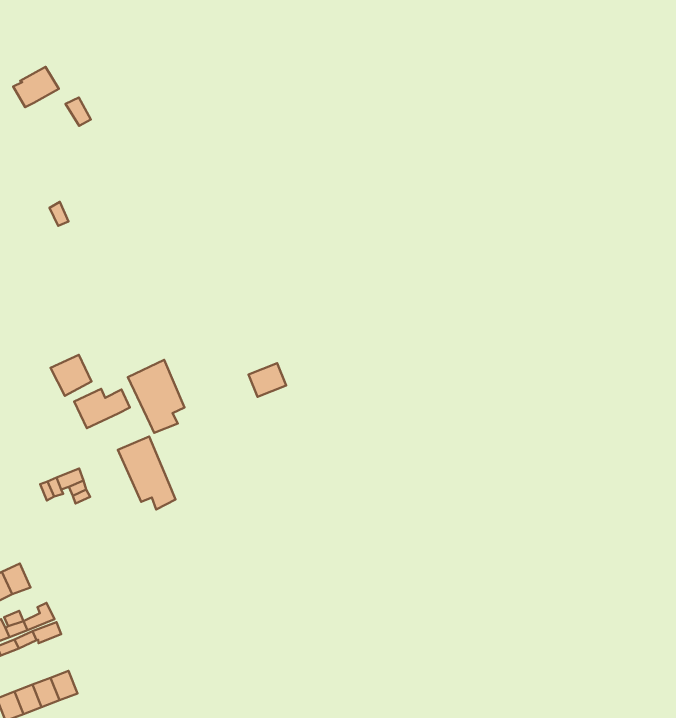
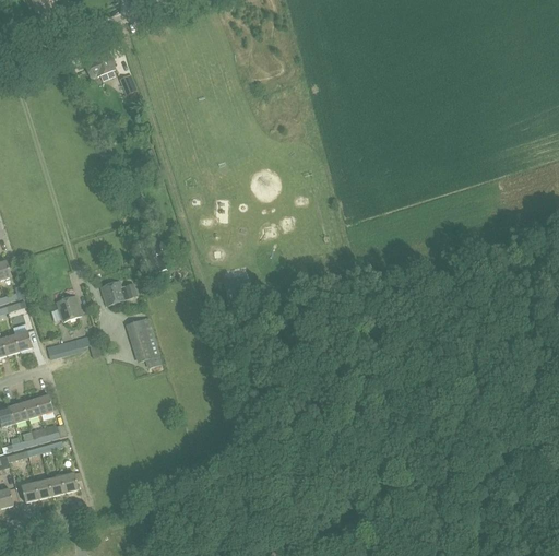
building: [50,355,91,396] -> [53,294,81,321]
building: [128,360,185,433] -> none

